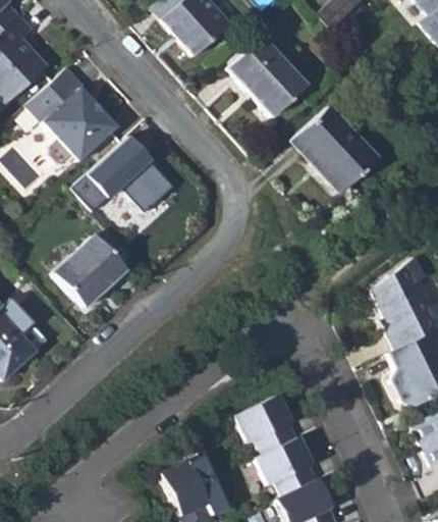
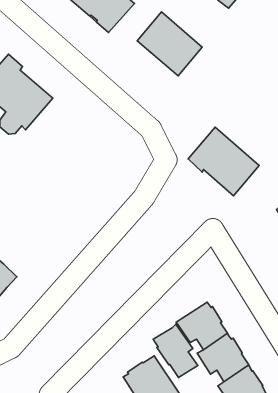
building: [292,105,378,192] -> [188,127,259,196]
building: [74,135,180,212] -> none
building: [53,236,125,307] -> none
building: none -> [153,324,198,378]

